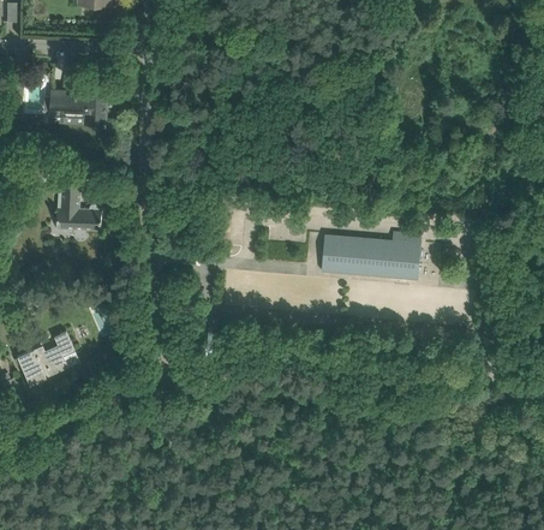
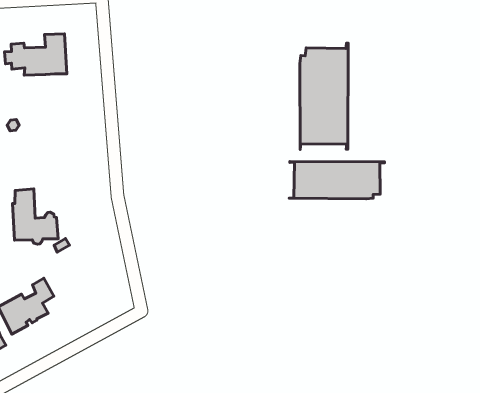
building: none -> [300,43,348,149]
building: [56,178,101,234] -> [13,189,58,244]

